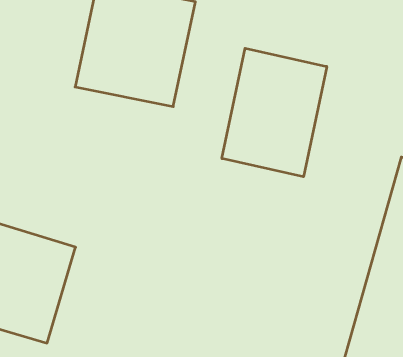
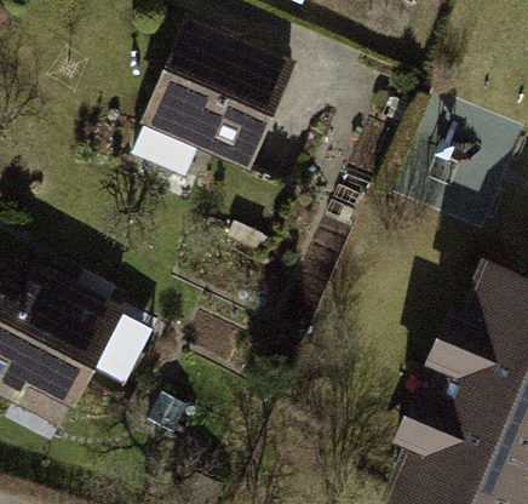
building: [222,48,327,177] -> none

